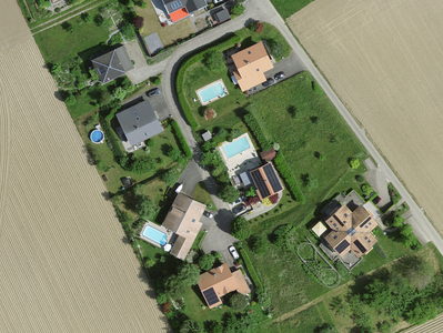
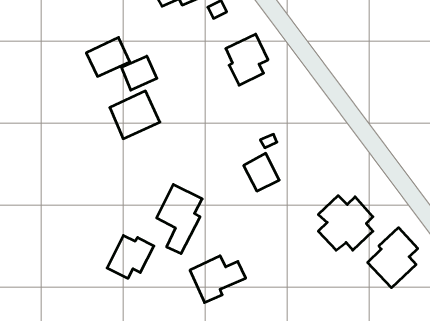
building: none -> [121,56,157,90]
building: none -> [368,228,418,288]
building: none -> [107,235,154,278]

